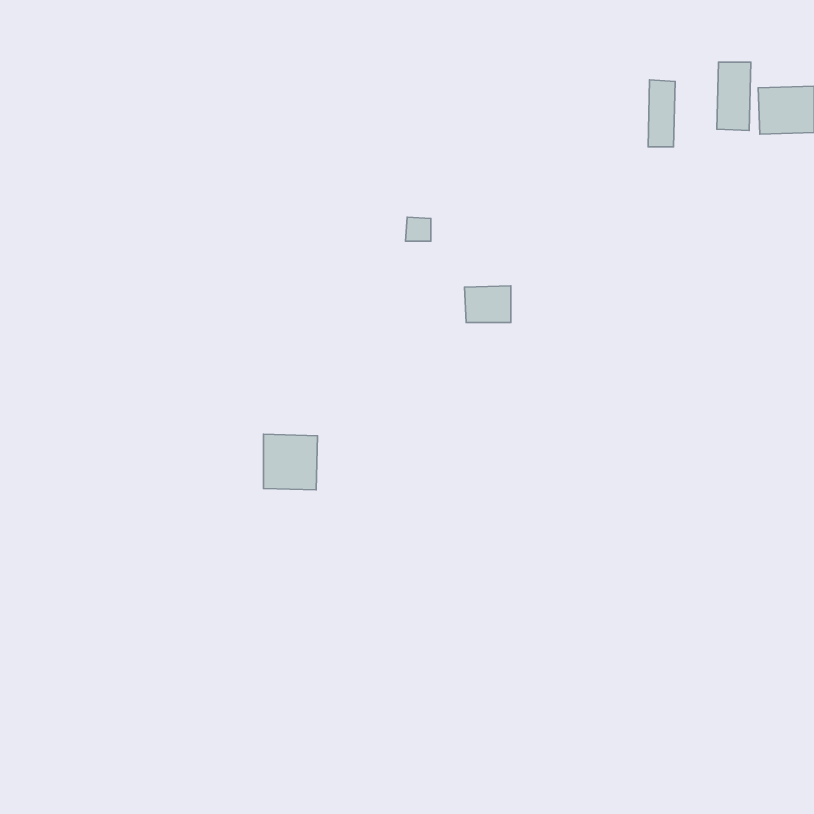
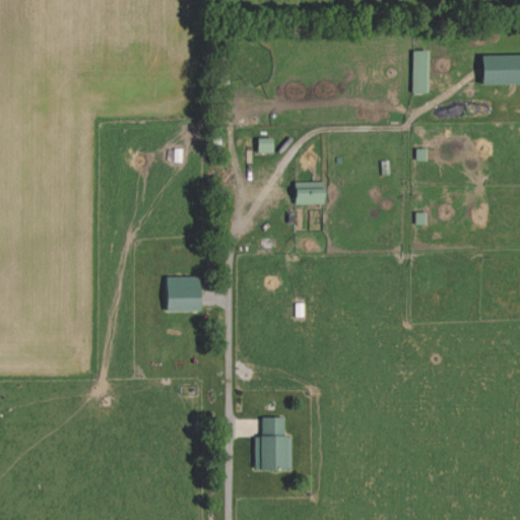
building: [717,62,751,130] -> none
building: none -> [255,417,292,470]

